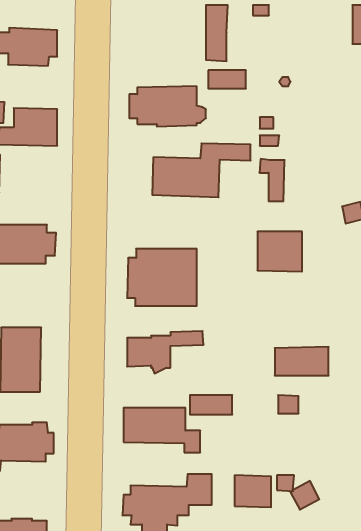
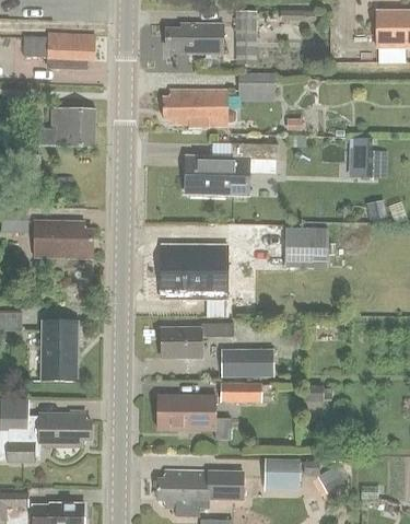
building: none -> [166,22,223,53]
building: [259,159,285,201] -> [349,136,373,176]
building: [275,347,329,376] -> [222,349,273,376]

